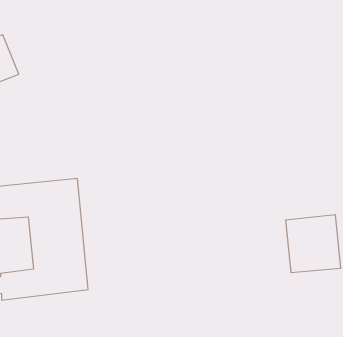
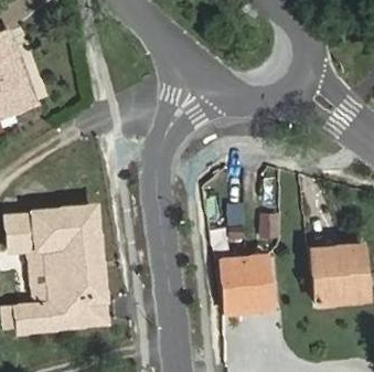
building: none -> [222,255,271,312]

